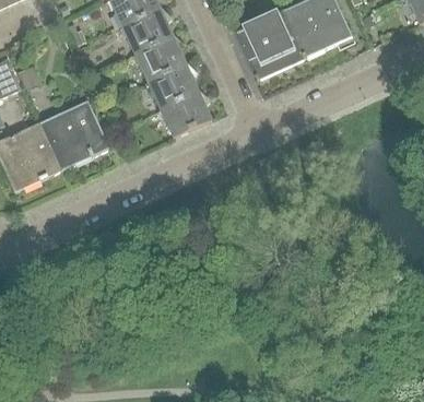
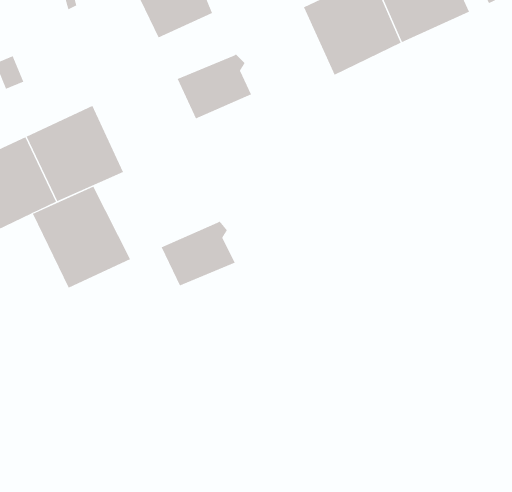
building: [133,34,186,81] -> none
building: [160,91,212,137] -> [161,221,236,286]
building: none -> [32,186,131,289]

